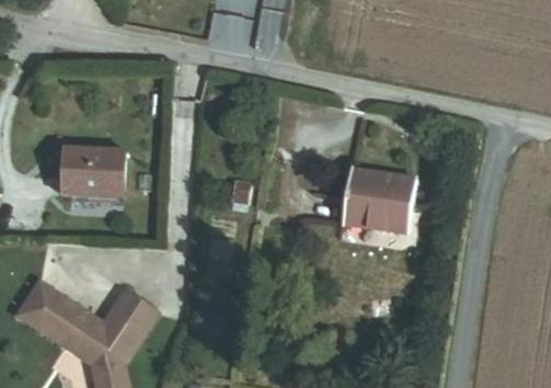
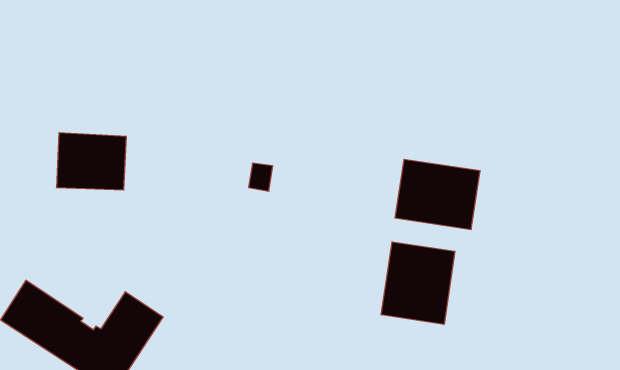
building: none -> [381,242,455,324]

